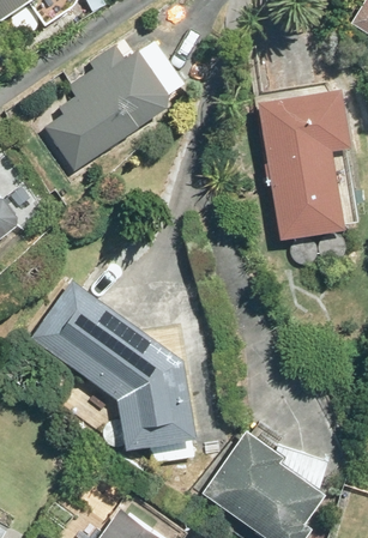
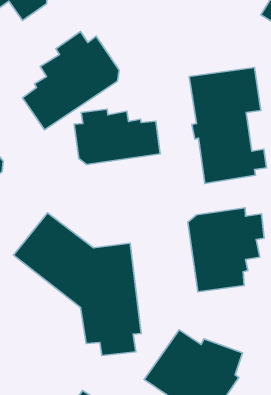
building: none -> [74,109,160,165]
building: none -> [188,208,264,292]

